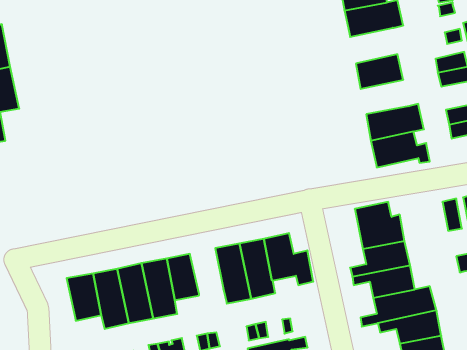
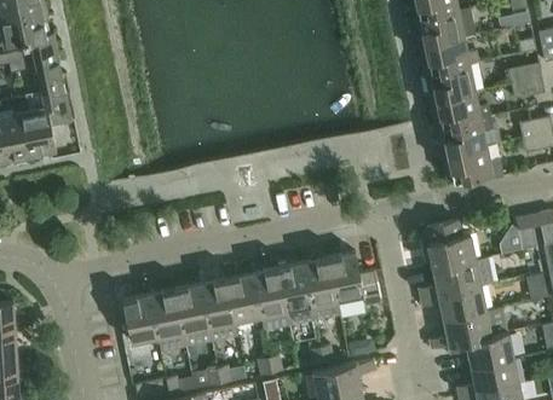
building: none -> [419,37,479,75]
building: none -> [430,92,490,128]
building: none -> [250,268,289,332]

